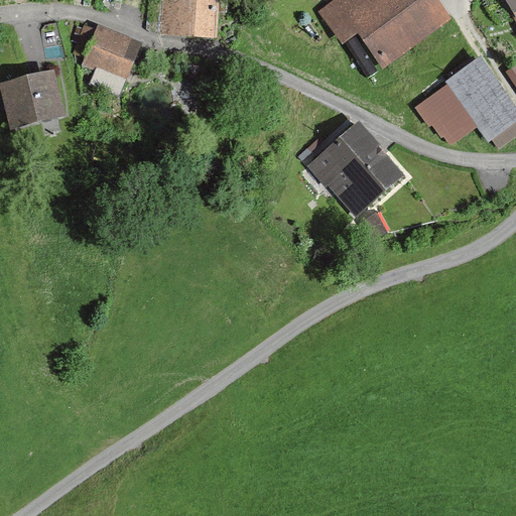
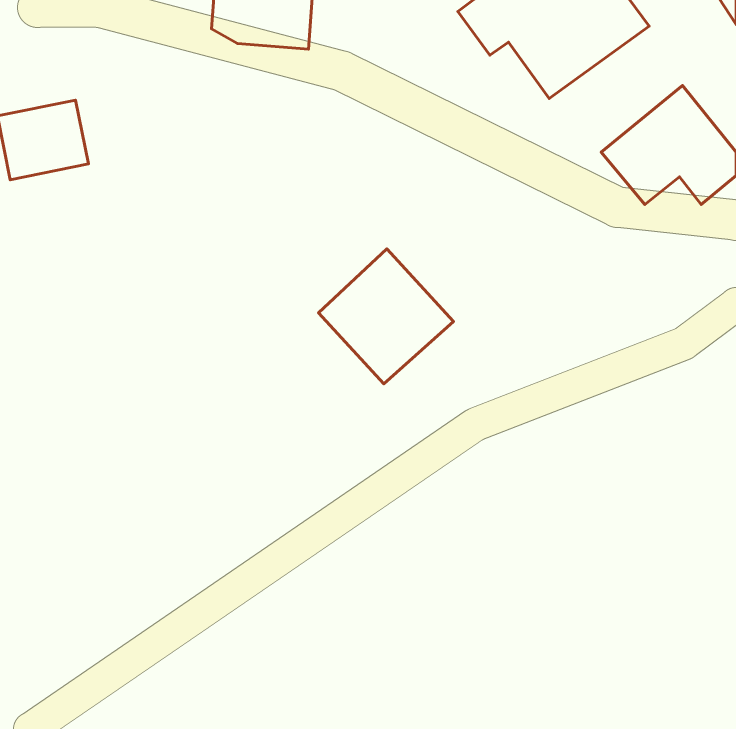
building: [80,22,141,79] -> none
building: [310,121,404,215] -> [319,249,453,384]

